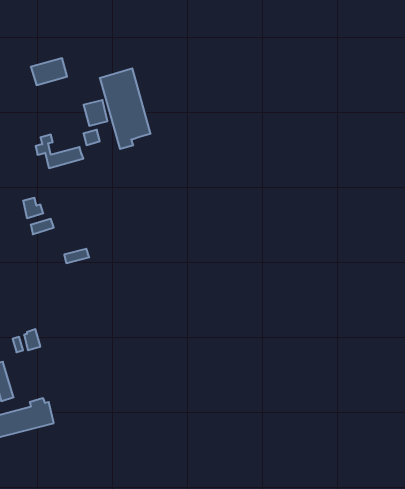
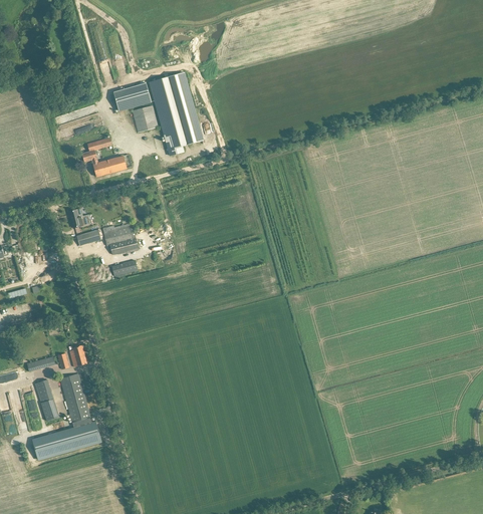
building: [31,58,67,85] -> [112,83,151,111]
building: none -> [101,225,138,255]
building: none -> [59,373,89,423]

